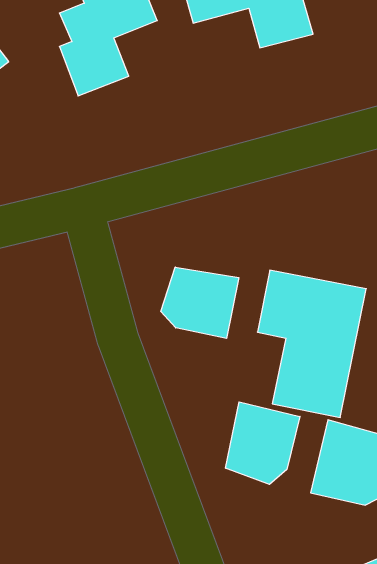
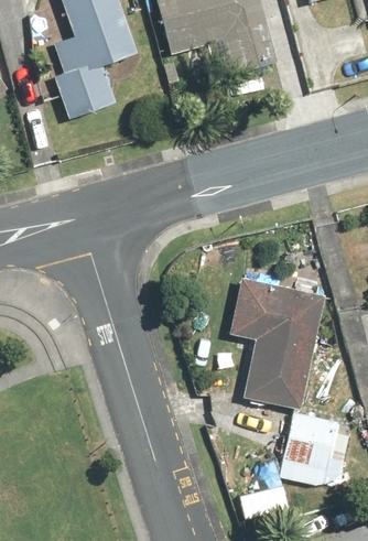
building: [161,267,239,338] -> none
building: [226,402,300,484] -> none

